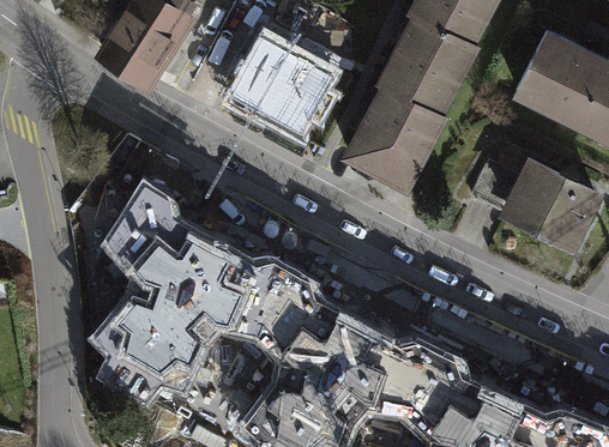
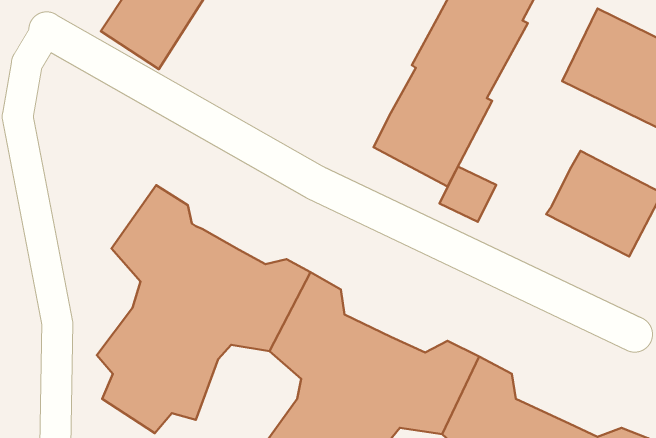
building: [229,35,339,139] -> none
building: [470,159,521,210] -> [439,166,496,222]

